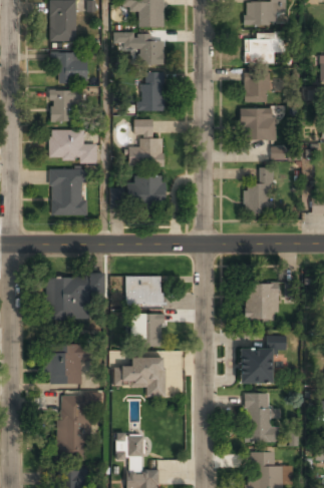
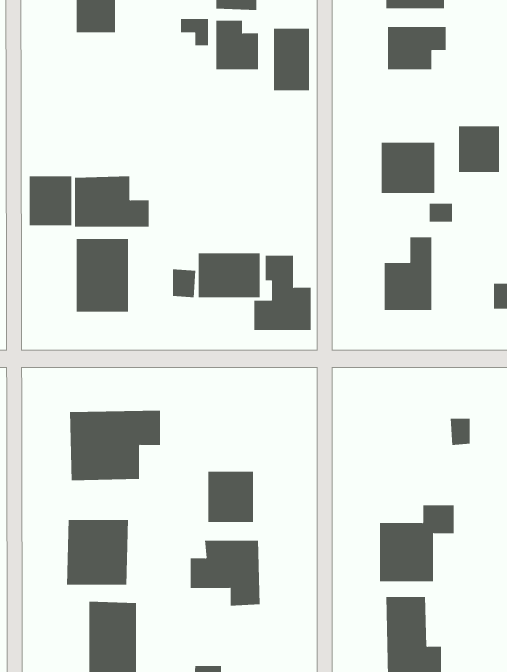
building: [50,51,88,82] -> none
building: [140,71,164,110] -> [273,28,310,91]
building: [244,73,270,102] -> [458,126,500,172]
building: [50,90,77,121] -> [29,176,72,226]
building: [127,119,164,166] -> [254,255,311,331]
building: [125,276,163,304] -> none
building: [245,281,278,320] -> none

